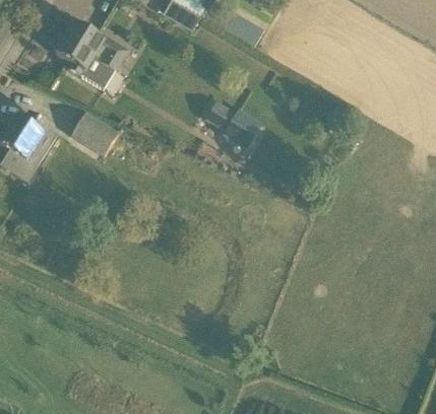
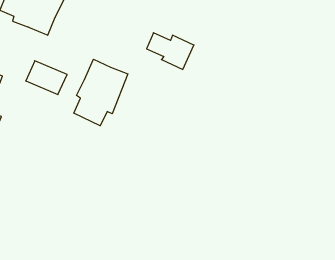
building: none -> [74,59,128,126]

